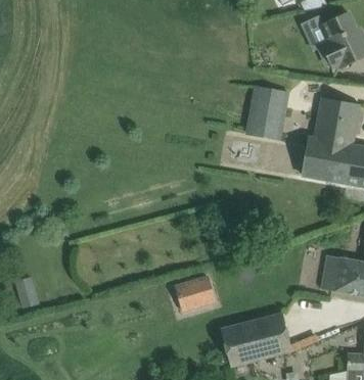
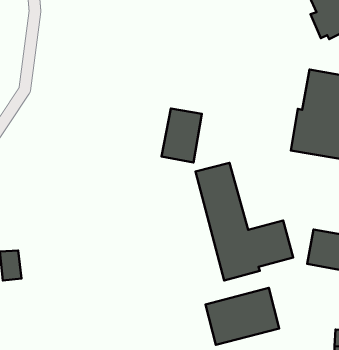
building: [246,85,286,138] -> [161,109,202,163]
building: none -> [195,163,293,280]
building: [173,279,214,314] -> none

